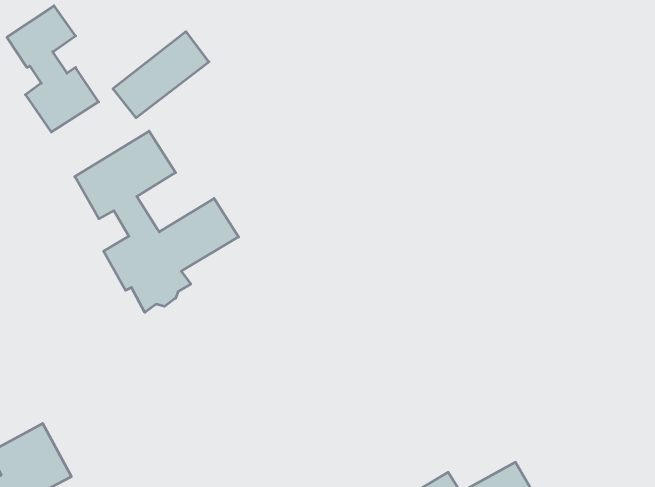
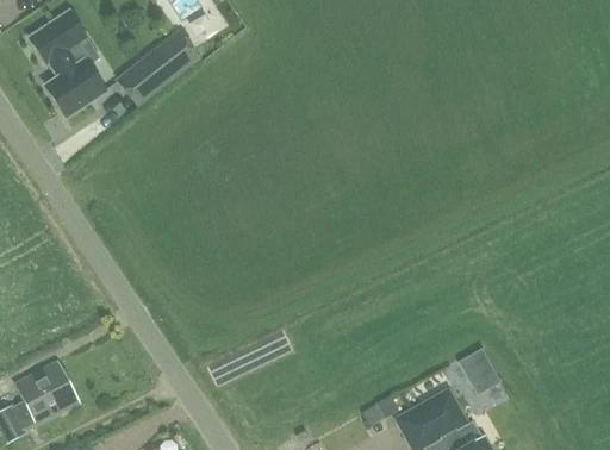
building: [75,131,239,312] -> none
building: none -> [456,349,499,395]

